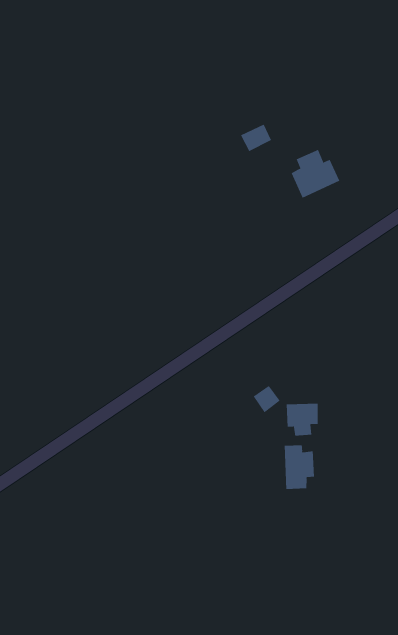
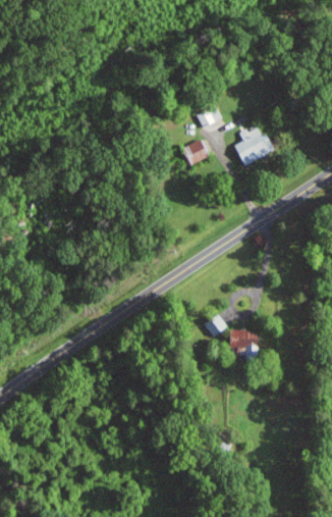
building: none -> [181,138,207,164]
building: [284,445,314,490] -> none

